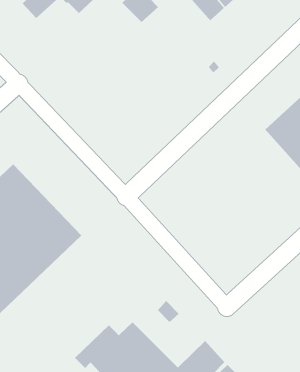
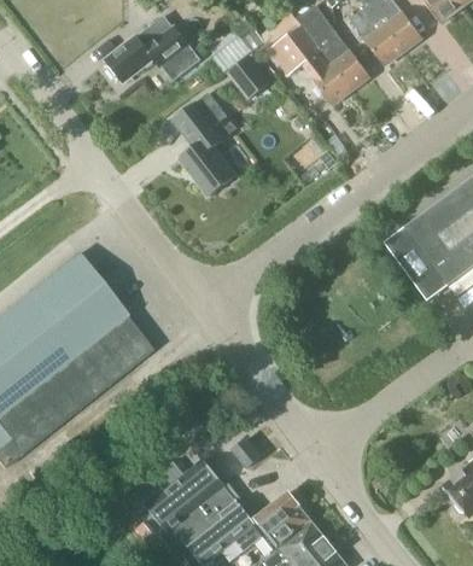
building: none -> [174,92,236,197]

